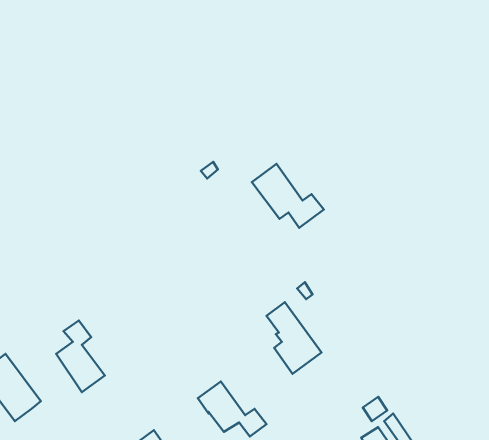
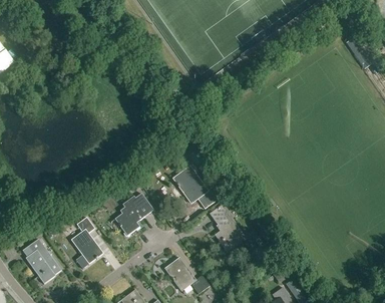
building: [252,164,324,228] -> [173,167,221,209]
building: none -> [114,193,153,236]

